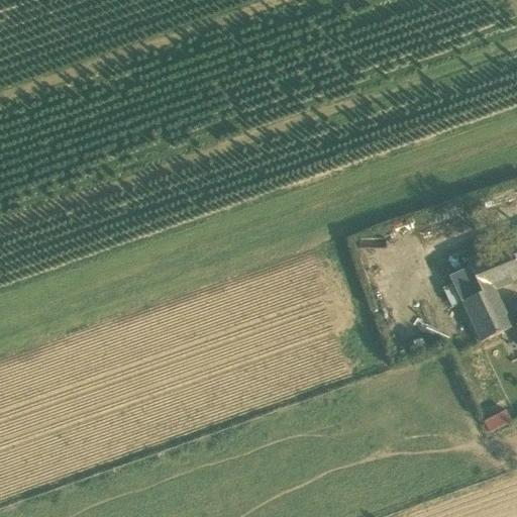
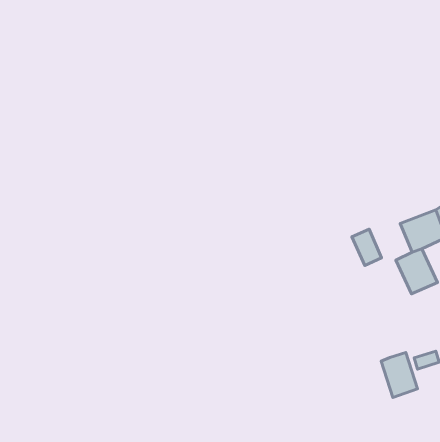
building: [449,261,484,303] -> [352,229,381,266]
building: none -> [381,353,417,397]

